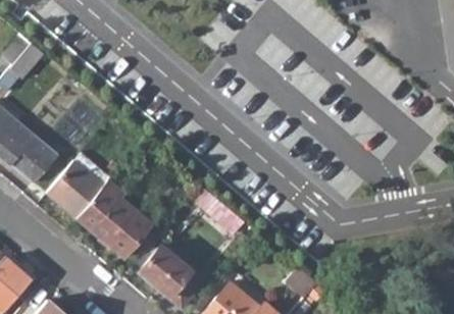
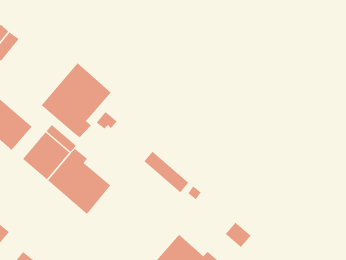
building: none -> [41,62,112,138]
building: [139,243,204,305] -> none

